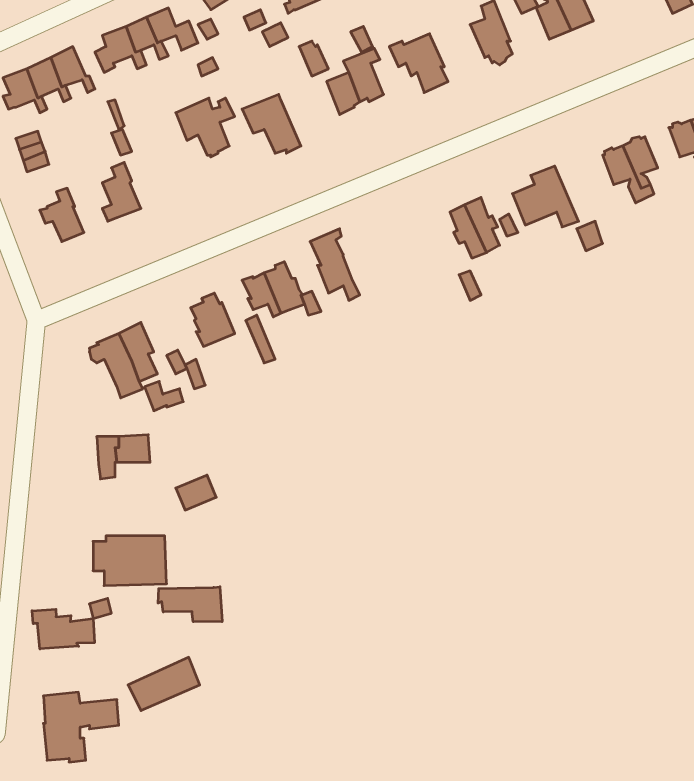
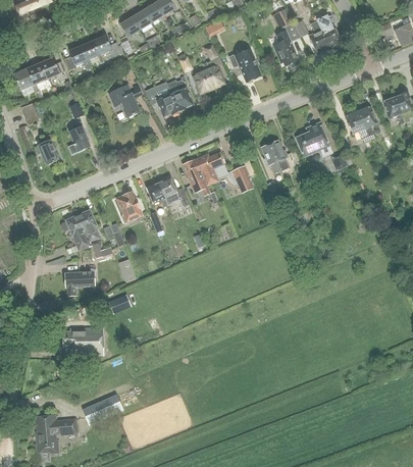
building: none -> [167,75,192,111]
building: none -> [198,152,253,192]
building: [158,587,222,622] -> none
building: [32,609,94,649] -> none

